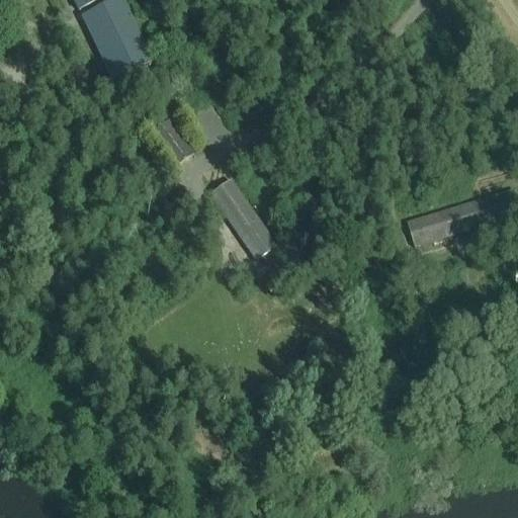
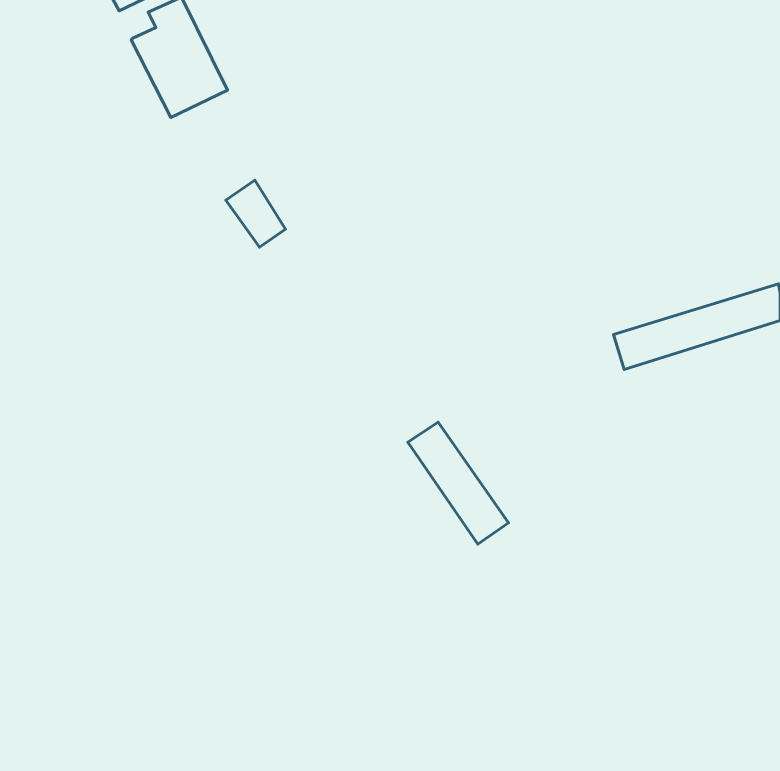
building: [209,177,276,258] -> [408,422,508,544]

